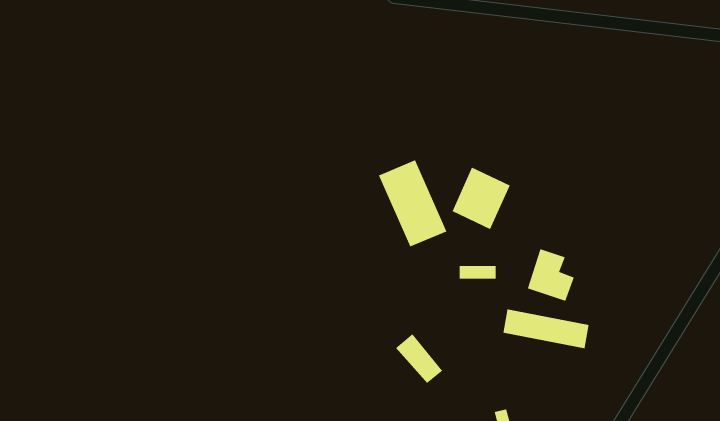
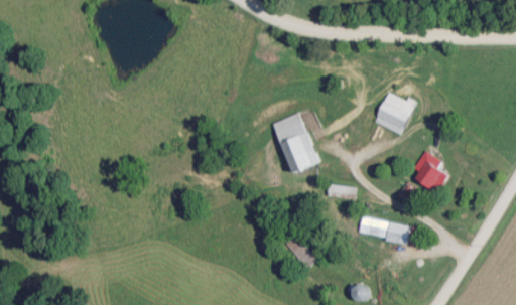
building: [451,166,511,230] -> [374,91,415,135]
building: [527,248,575,302] -> [413,152,446,189]

